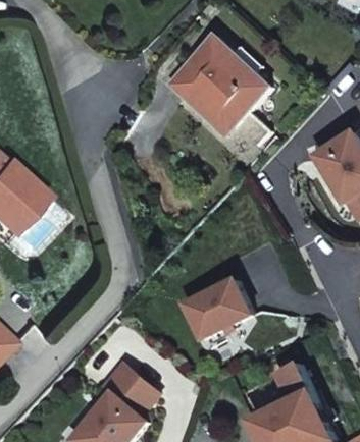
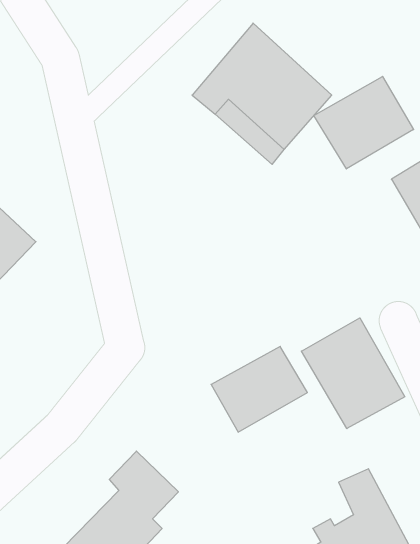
building: none -> [314,76,414,169]
building: none -> [301,318,405,429]

